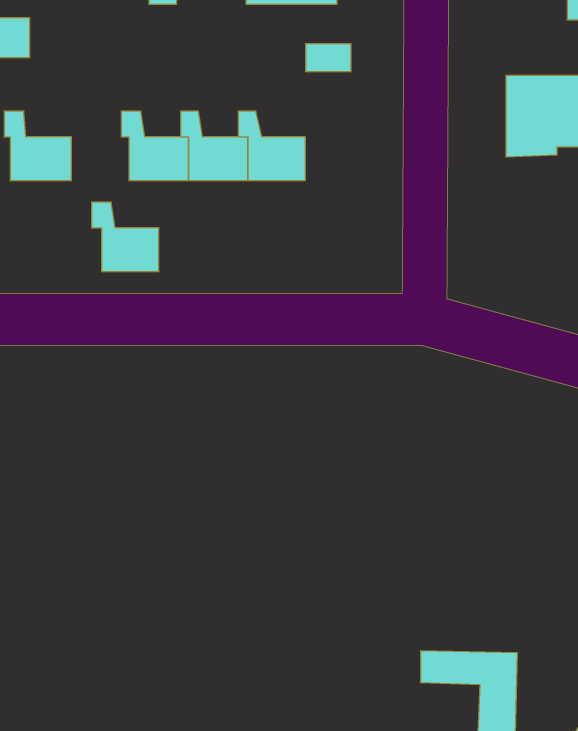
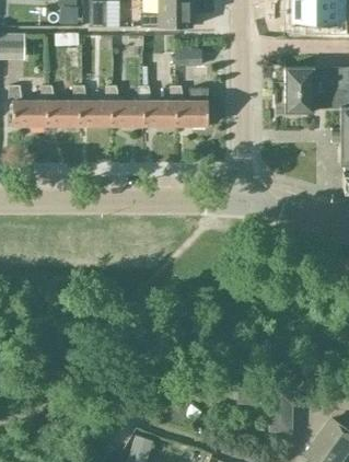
building: none -> [171,88,208,126]
building: [92,202,159,271] -> [40,88,78,126]

